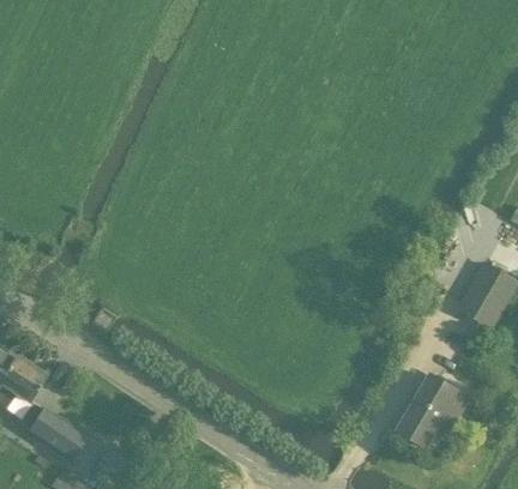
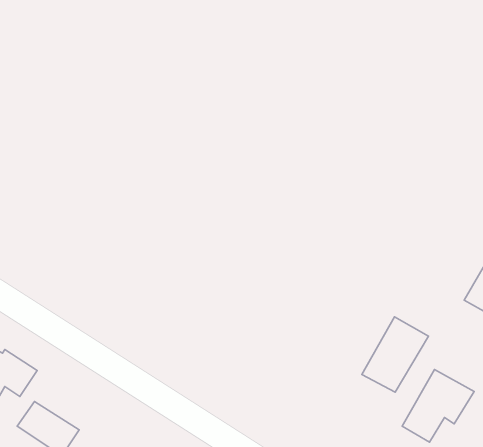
building: none -> [362,317,428,392]

